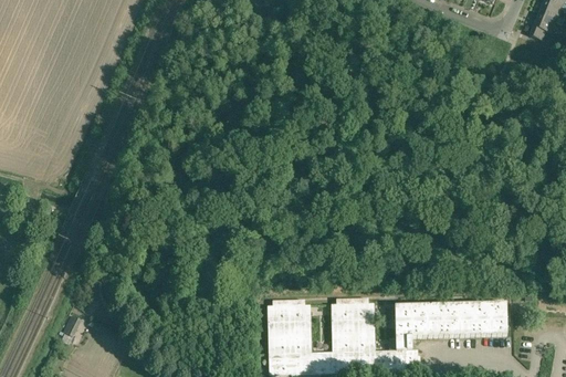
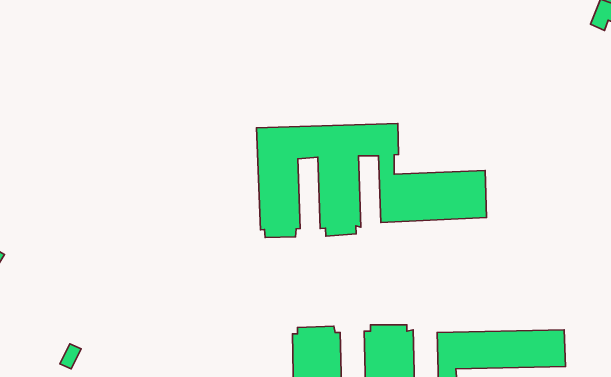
building: none -> [257,124,486,238]

